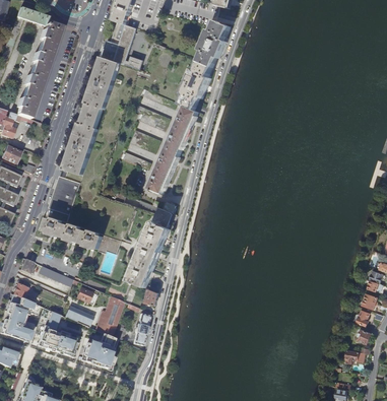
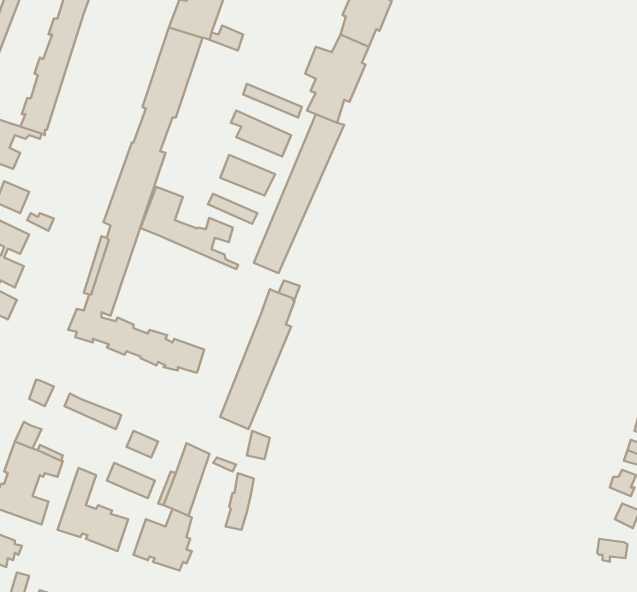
building: none -> [141,187,238,269]

